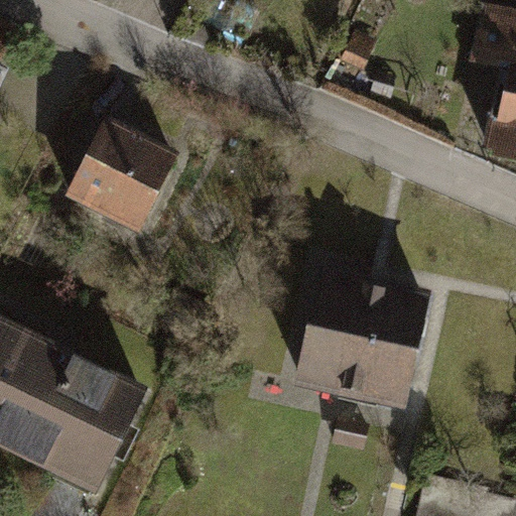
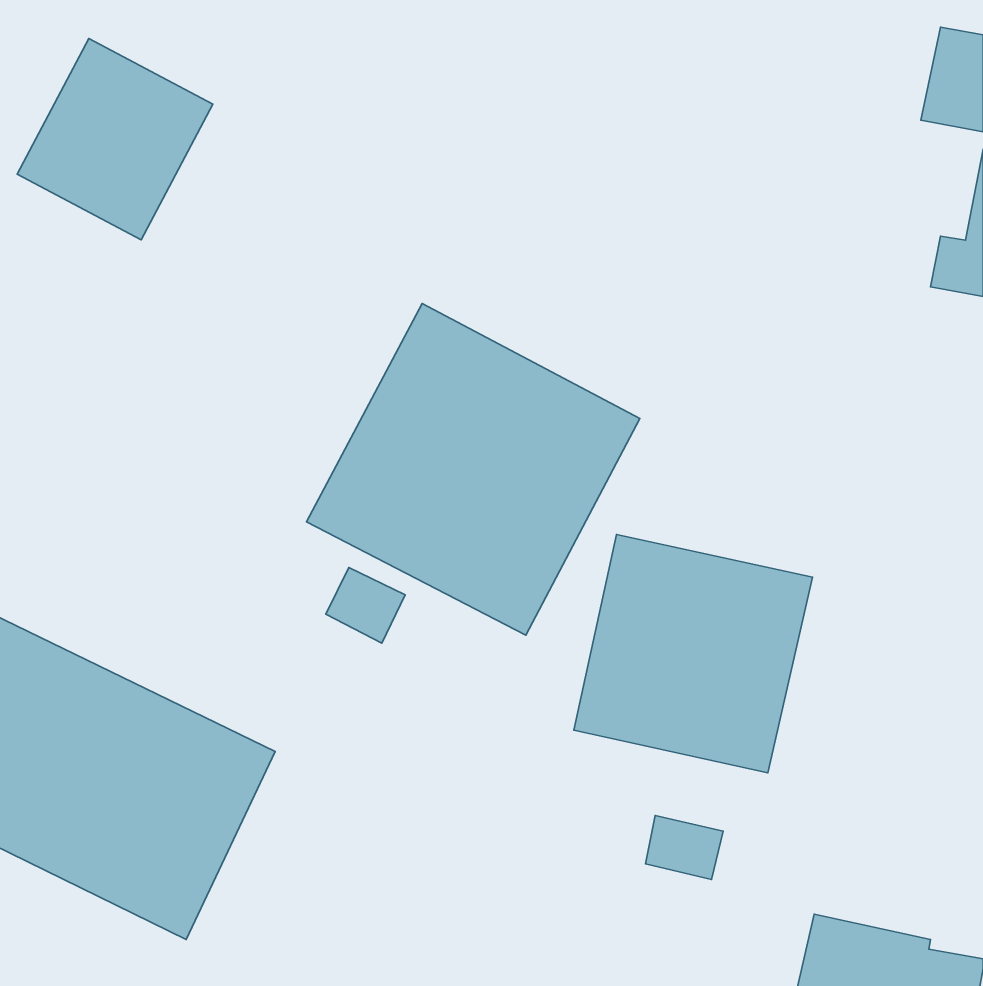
building: [72,124,173,229] -> [17,38,213,240]
building: none -> [306,303,640,635]

